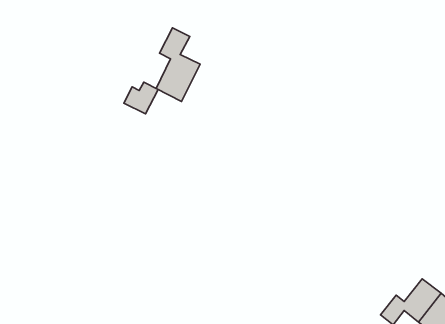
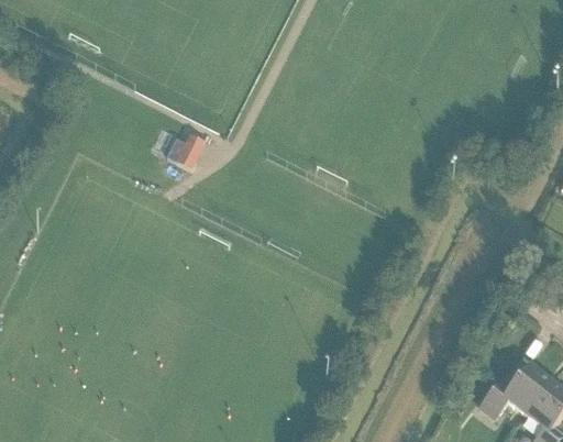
building: [156,28,200,101] -> none

